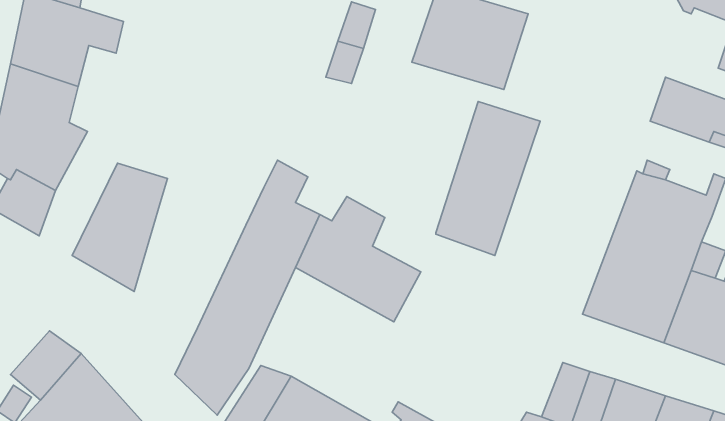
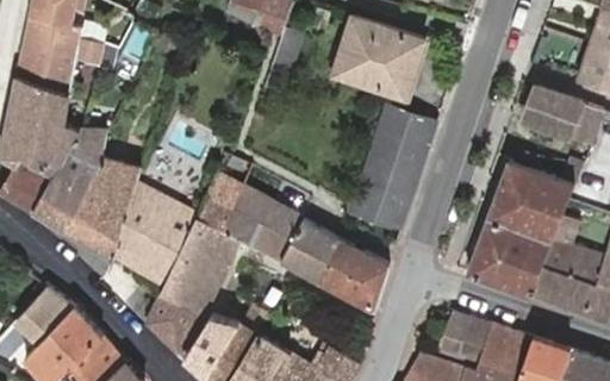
building: none -> [38,131,105,229]
building: none -> [113,185,201,286]
building: none -> [318,242,386,311]

